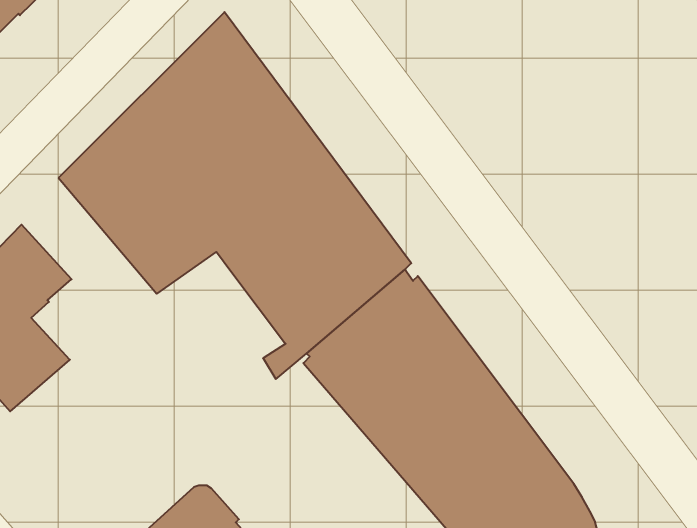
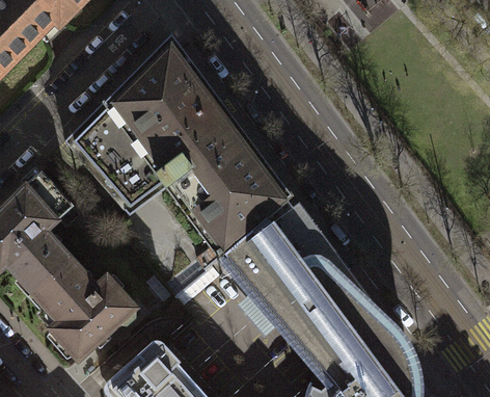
building: none -> [34,259,137,361]

